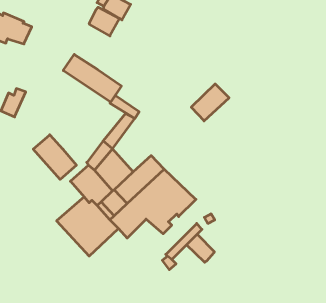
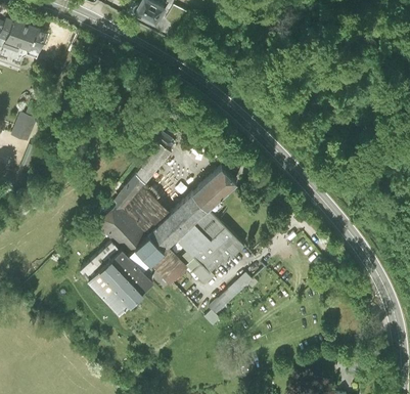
building: [89,7,120,36] -> none
building: [63,54,121,102] -> none
building: [191,84,229,121] -> [191,164,236,208]
building: [33,135,76,179] -> none
building: [186,234,214,262] -> none

